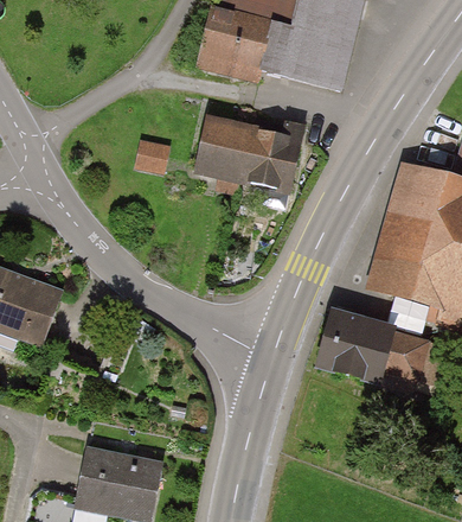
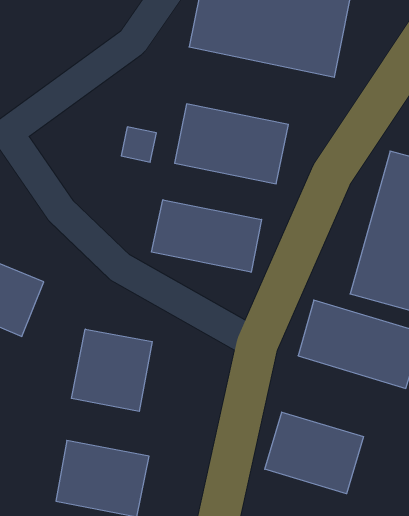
building: none -> [152,200,262,272]
building: none -> [71,329,152,411]
building: none -> [265,412,364,494]

